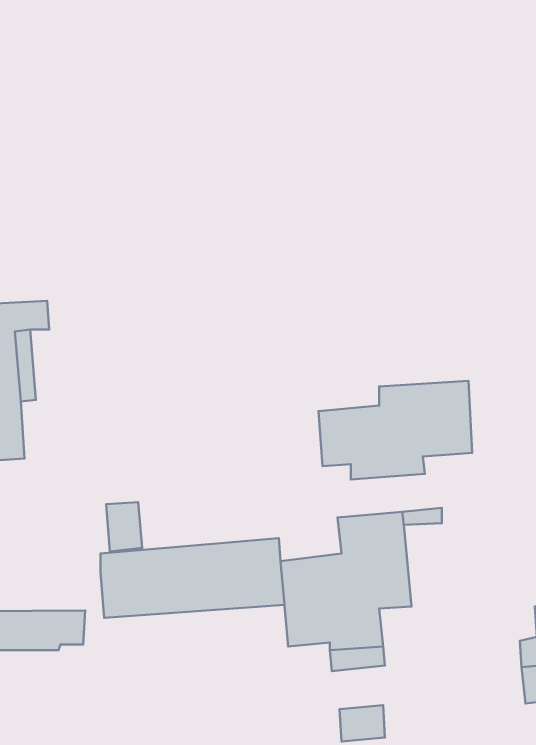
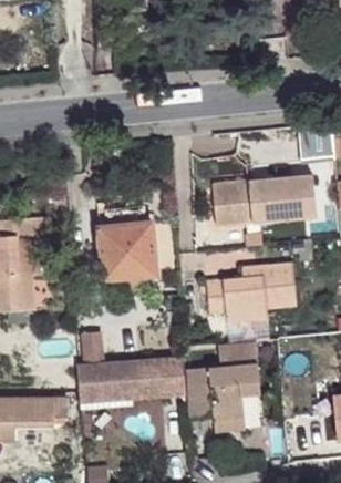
building: none -> [211,175,316,226]
building: none -> [97,209,156,280]

